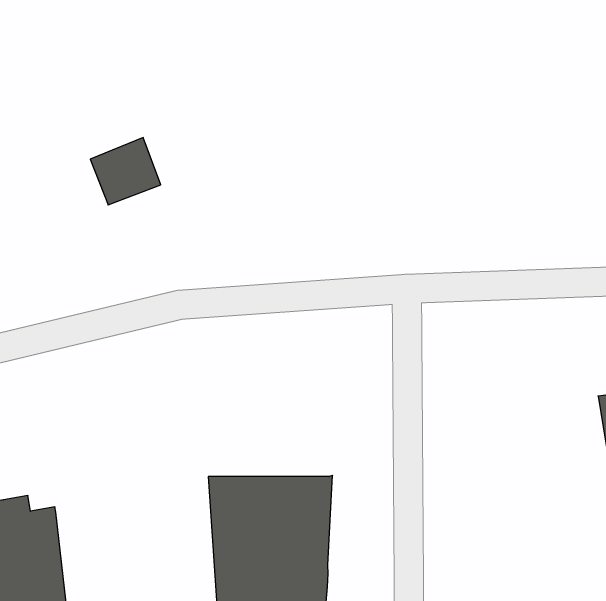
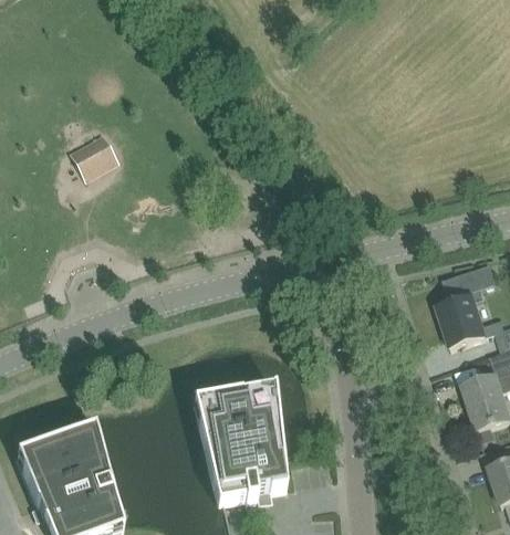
building: [90,138,161,205] -> [70,133,118,180]

